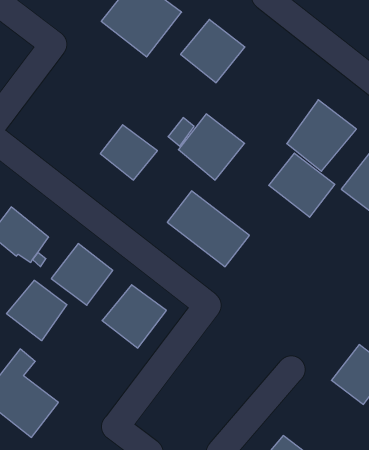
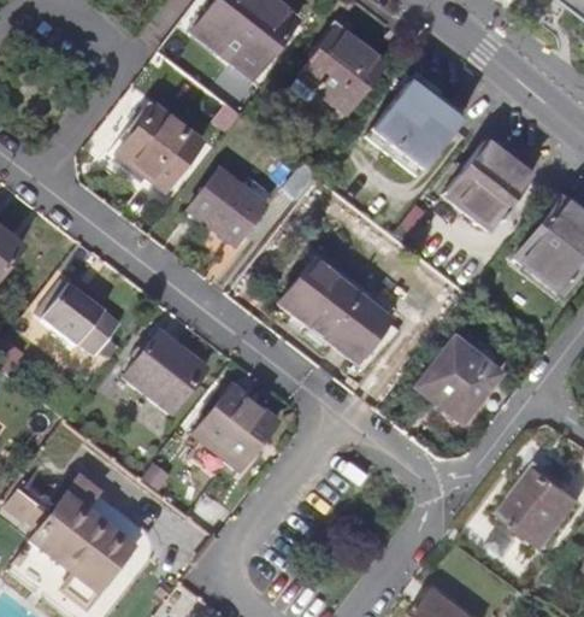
building: none -> [117,105,202,189]
building: [178,114,245,180] -> [373,82,462,171]
building: [269,153,335,217] -> none
building: none -> [417,337,500,421]
building: [7,280,67,341] -> none

